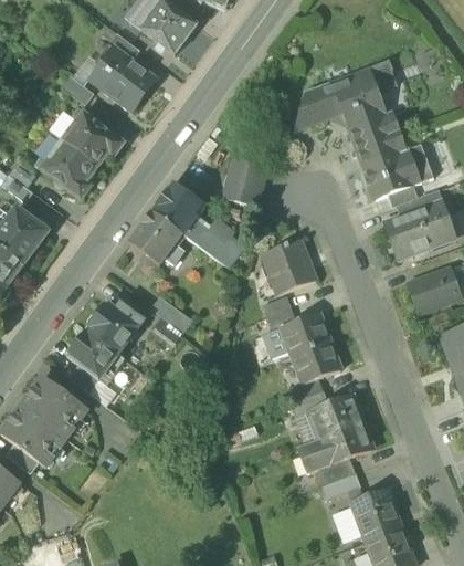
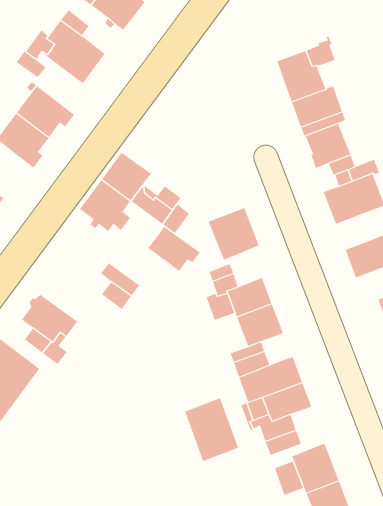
building: [296,85,350,128] -> none
building: [400,143,433,184] -> none
building: [222,157,268,206] -> none
building: none -> [148,226,200,272]
building: [87,303,144,353] -> none
building: none -> [184,398,239,462]

